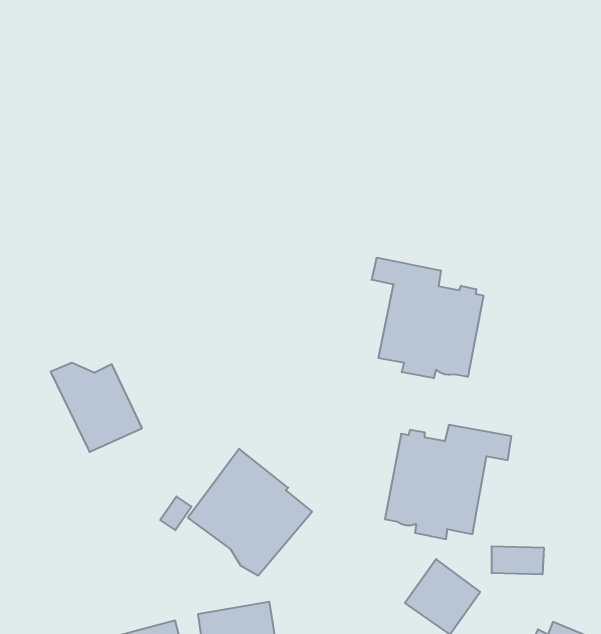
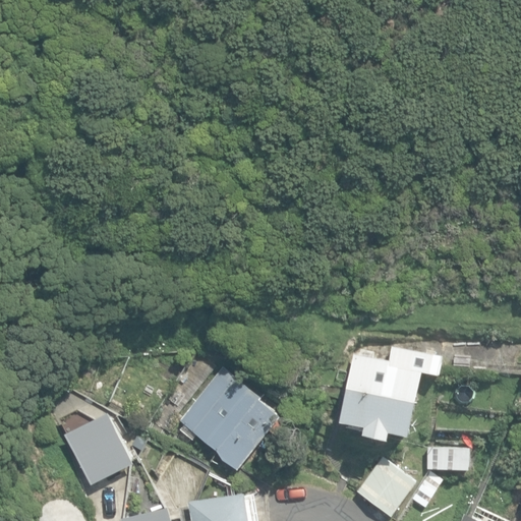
building: [372,258,483,378] -> none
building: [51,363,142,452] -> [59,412,133,484]

